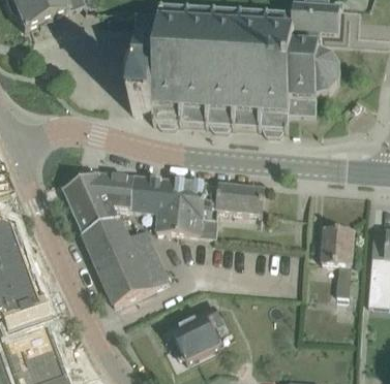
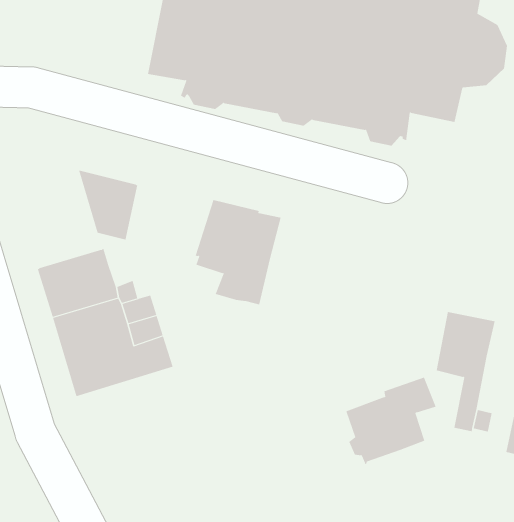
building: [63,172,118,232] -> none
building: [131,175,190,234] -> none
building: [217,185,264,215] -> none
building: [171,307,223,362] -> [345,377,437,465]

